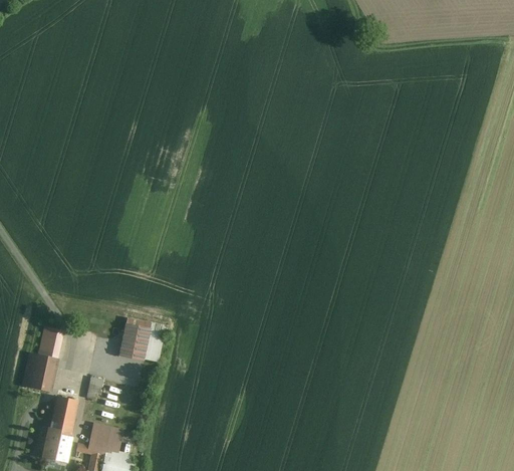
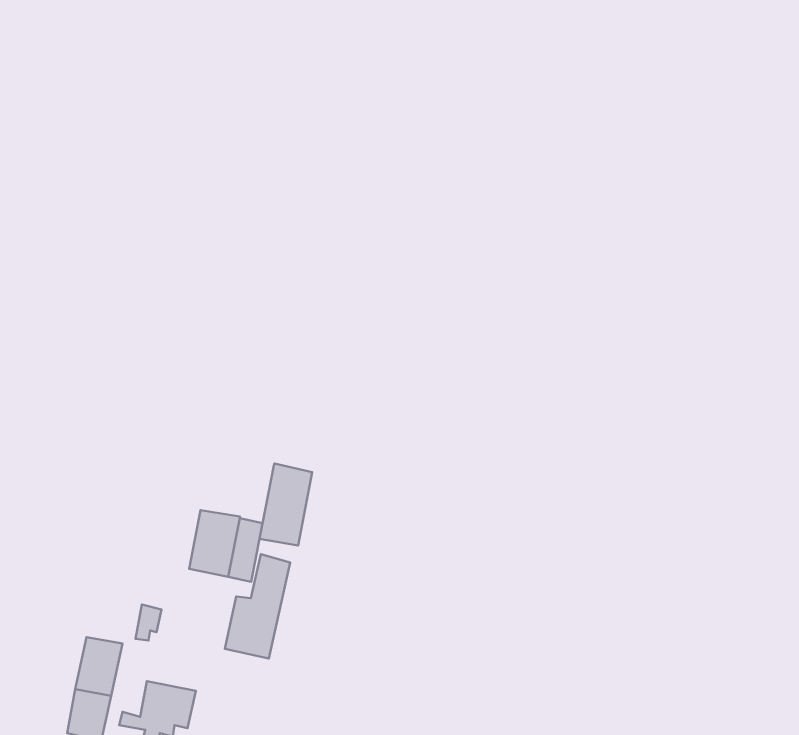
building: none -> [259,464,312,546]
building: [22,326,62,391] -> [225,554,290,658]

